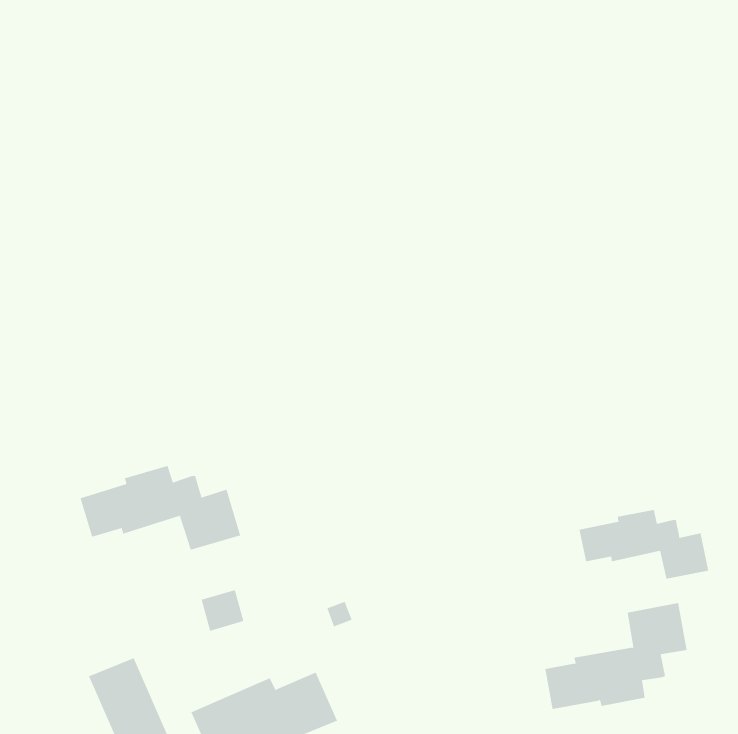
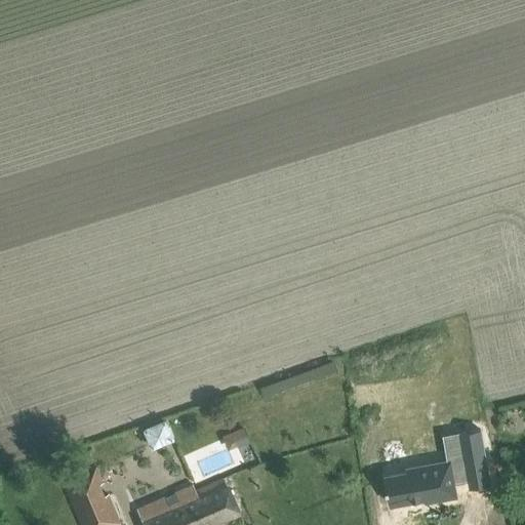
building: [80,465,241,550] -> none
building: [579,509,709,580] -> none

